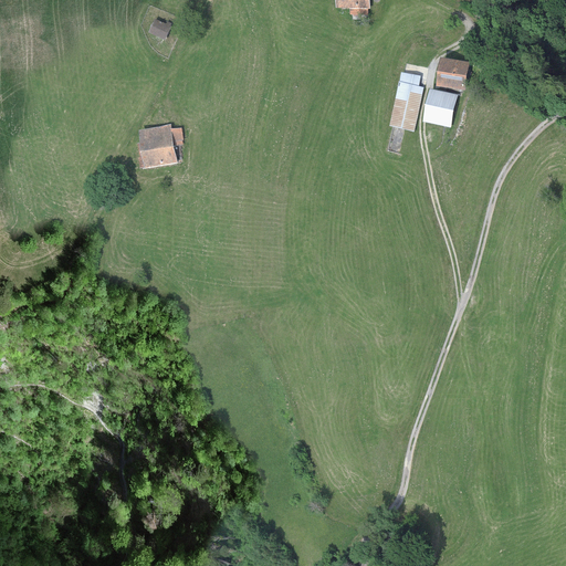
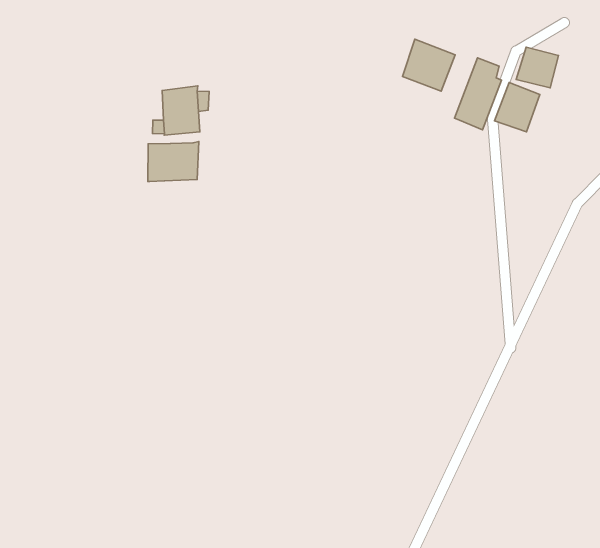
building: none -> [402,39,455,91]
building: none -> [148,141,199,182]

